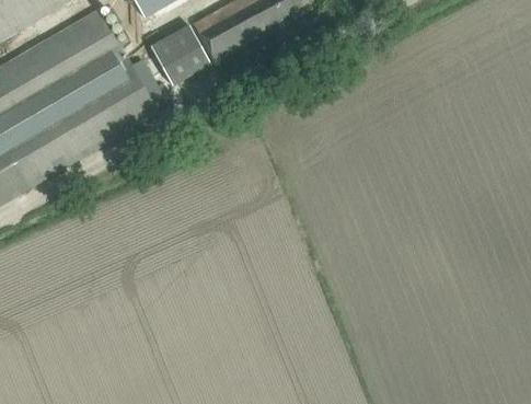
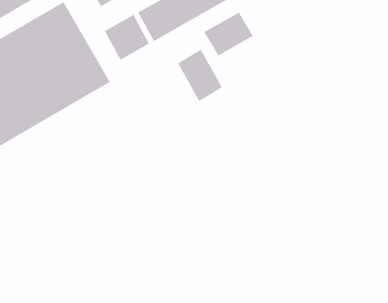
building: none -> [203,12,254,56]
building: none -> [177,48,223,102]

